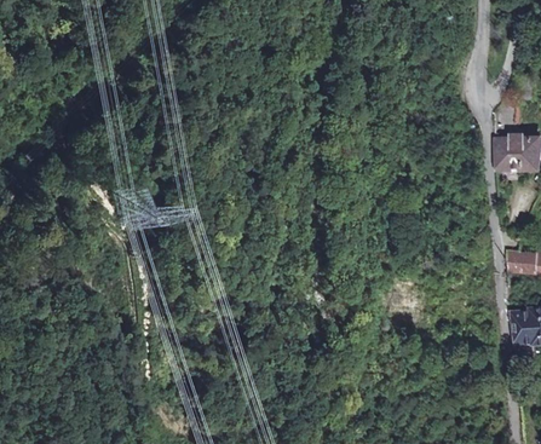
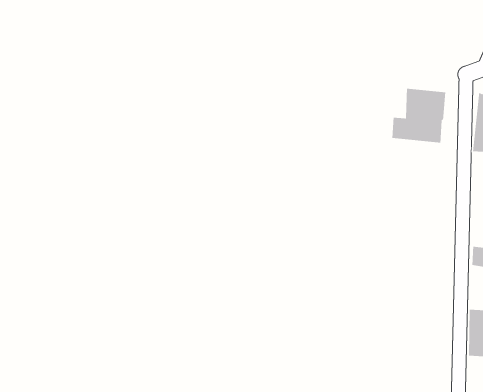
building: none -> [392,88,446,144]

